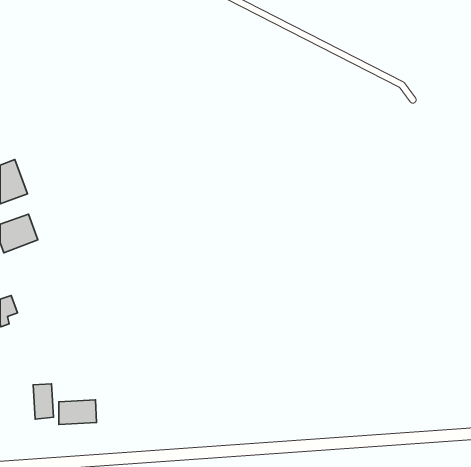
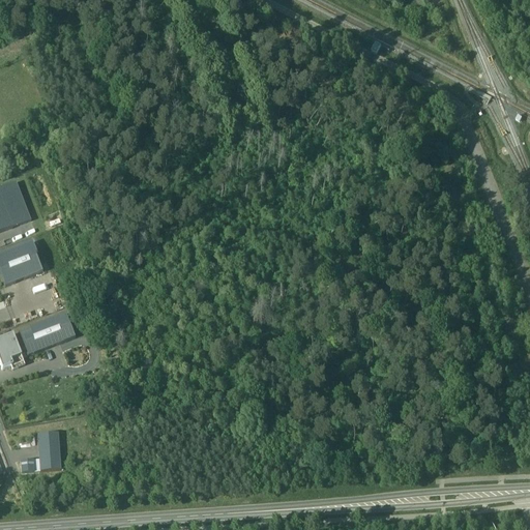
building: none -> [19,312,76,354]
building: [59,400,97,425] -> none

